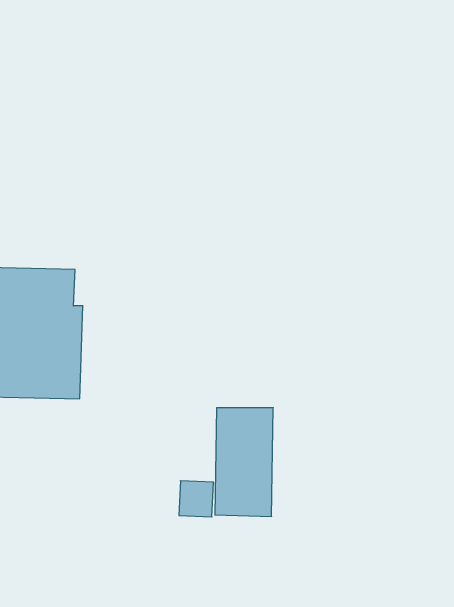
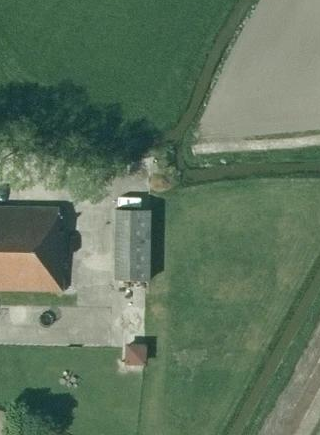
building: [215,408,273,516] -> [114,210,151,280]

